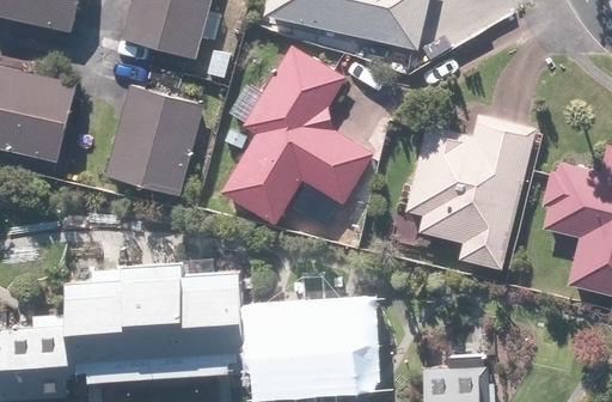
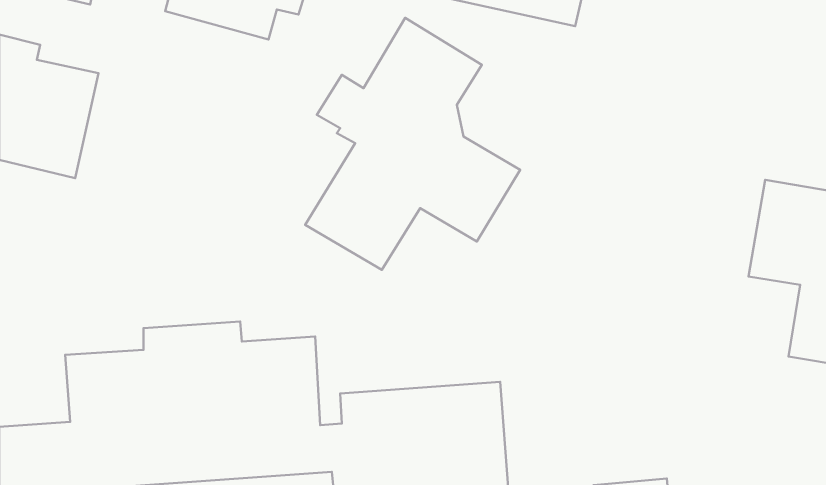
building: [108,86,203,195] -> none
building: [387,114,536,269] -> none

